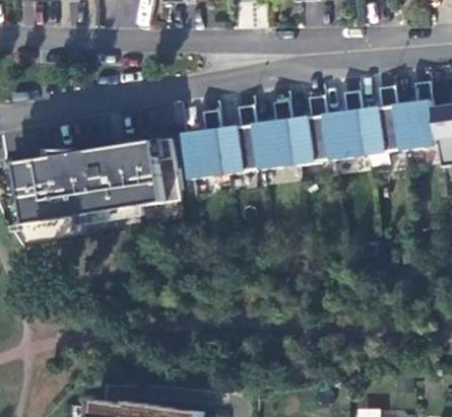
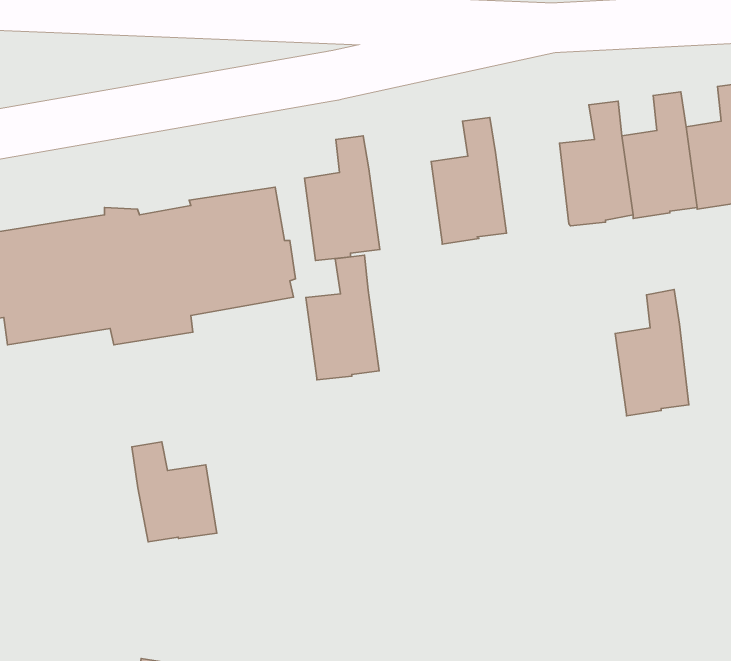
building: [293,94,333,164] -> [615,289,689,416]
building: [222,105,263,173] -> [306,255,379,380]
building: none -> [132,442,217,542]

